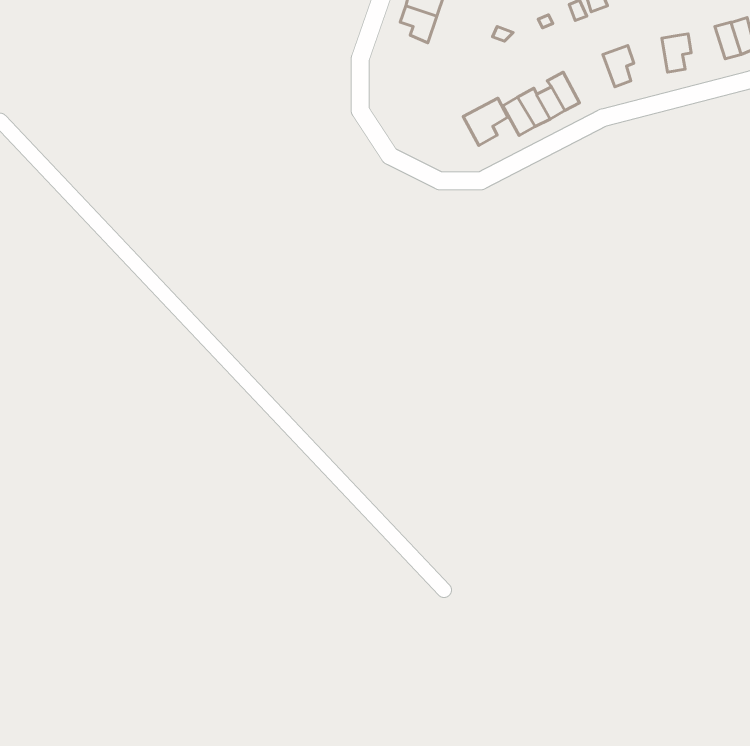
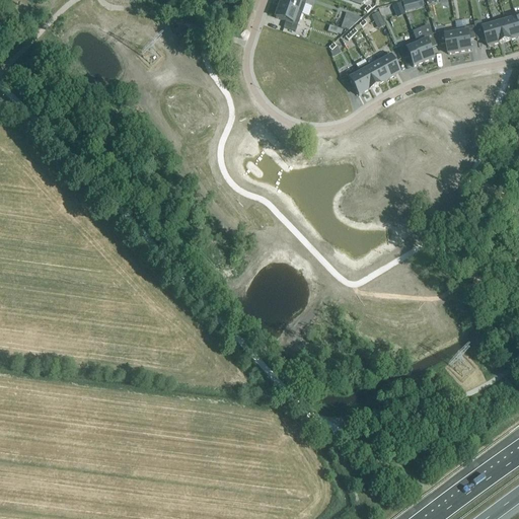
building: none -> [475,18,501,44]
building: none -> [439,26,461,52]
building: none -> [399,38,425,64]
building: [463,98,508,146] -> none

